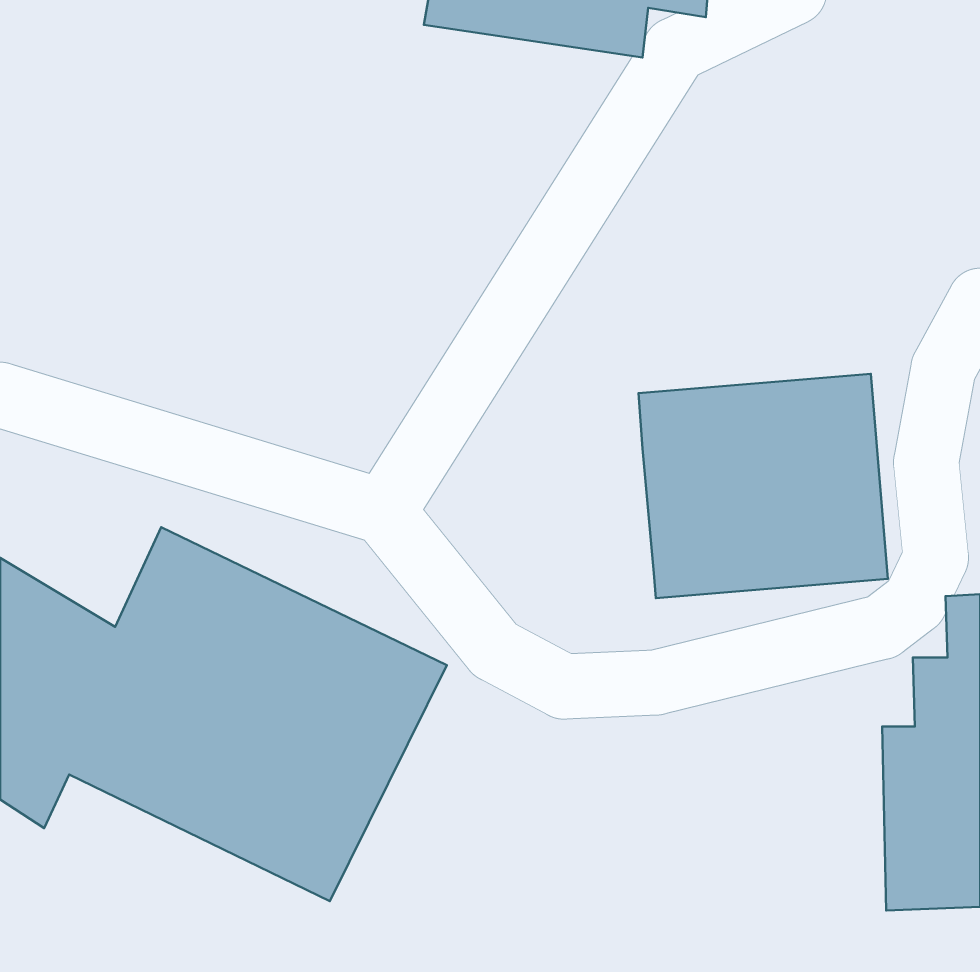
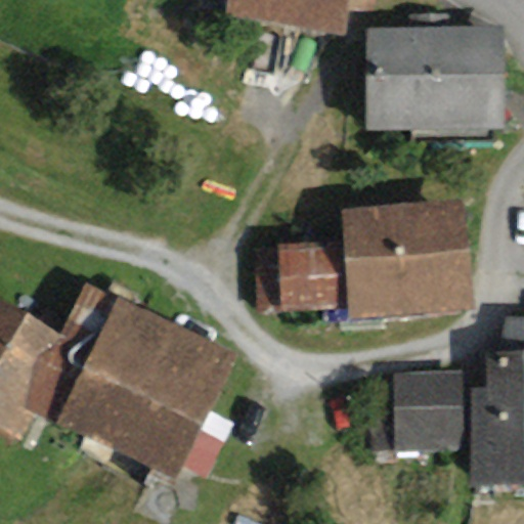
building: none -> [366,25,507,131]
building: none -> [255,239,349,310]
building: none -> [367,369,465,449]

